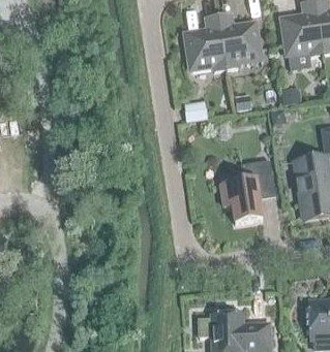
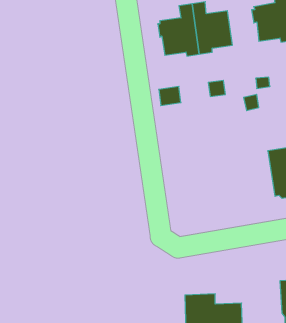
building: [220,160,274,223] -> none

